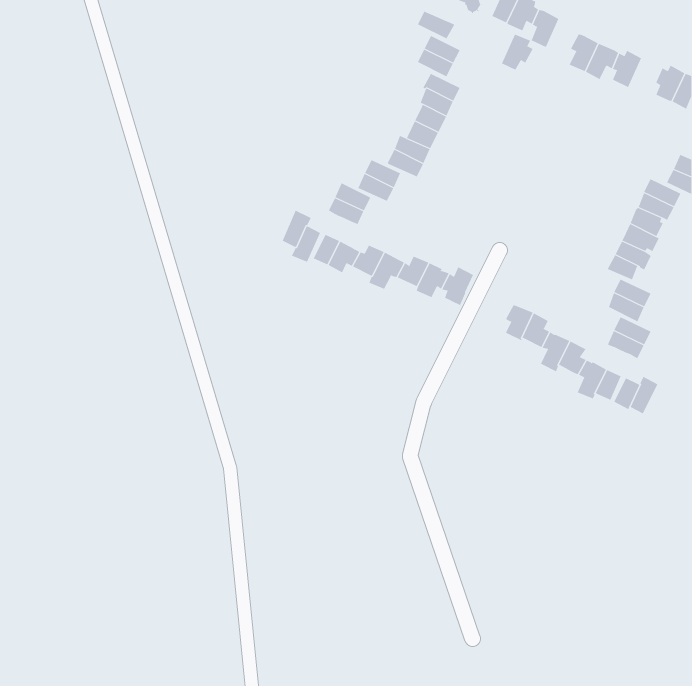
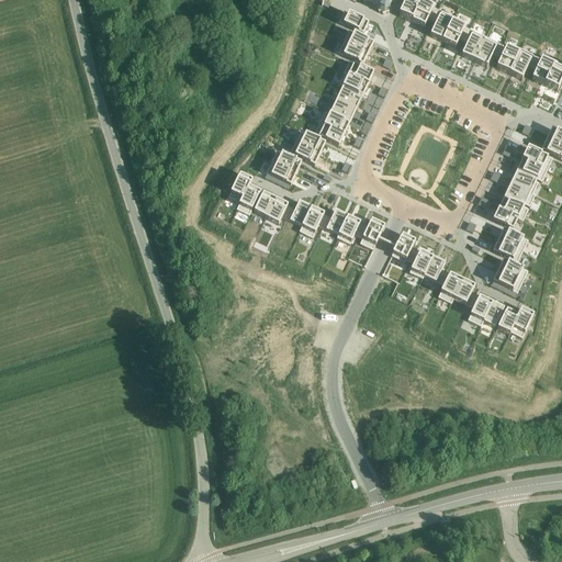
building: [501,34,534,70] -> [442,15,469,45]
building: none -> [509,47,537,77]
building: none -> [391,232,416,260]

